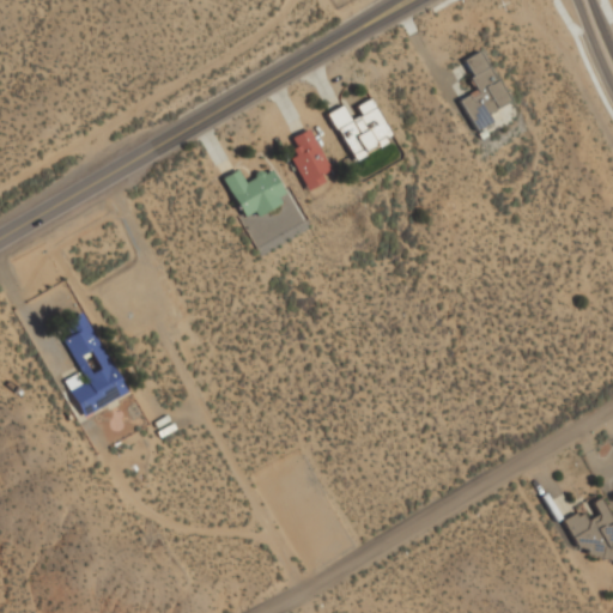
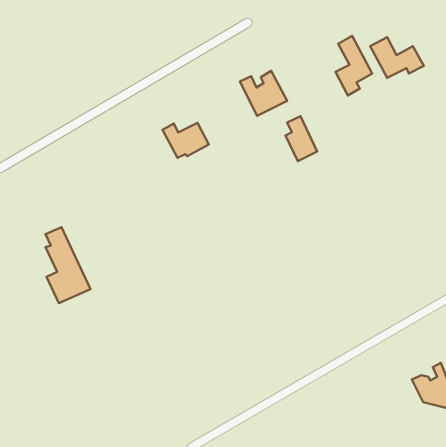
building: none -> [370,37,424,78]
building: [292,128,335,189] -> [286,116,317,161]

